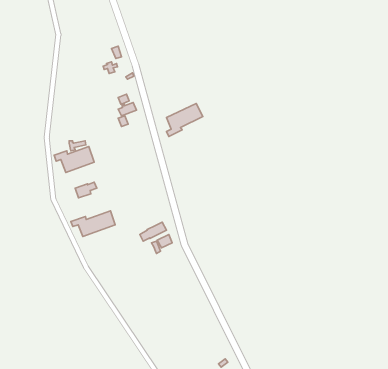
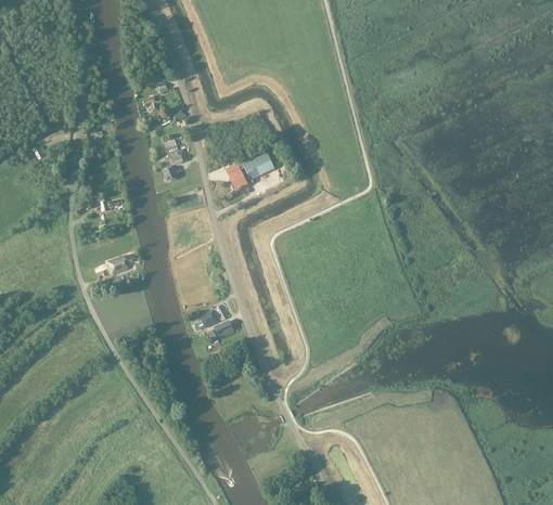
building: [54,147,94,172] -> none
building: [71,211,115,237] -> none

